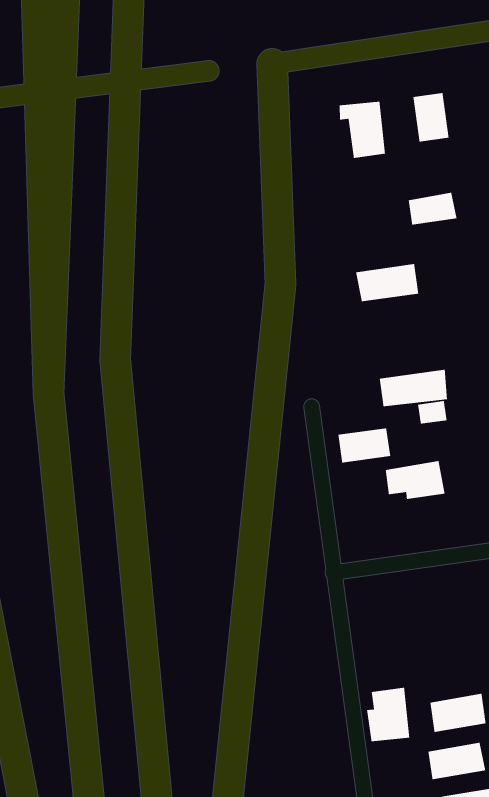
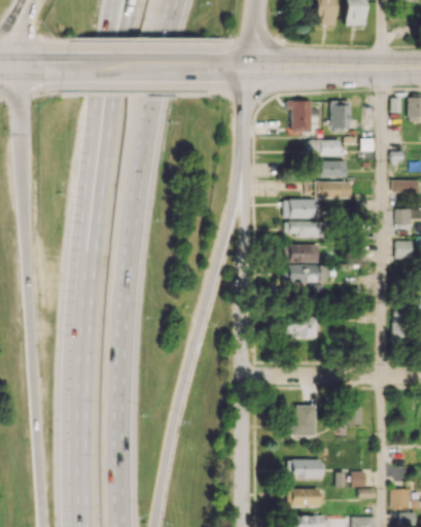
building: none -> [309,140,343,156]
building: none -> [315,181,351,199]
building: none -> [284,220,319,238]
building: [337,427,391,463] -> [289,245,319,262]
building: [366,687,410,742] -> [290,406,315,436]

